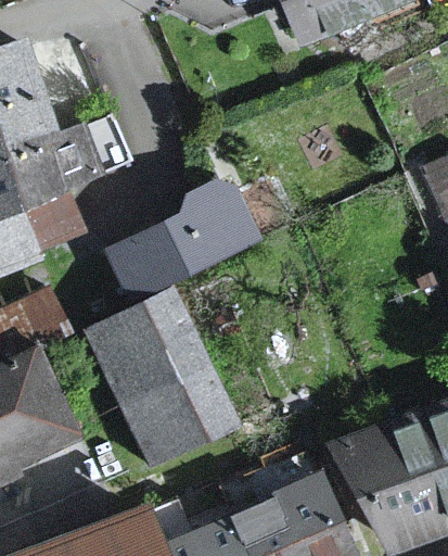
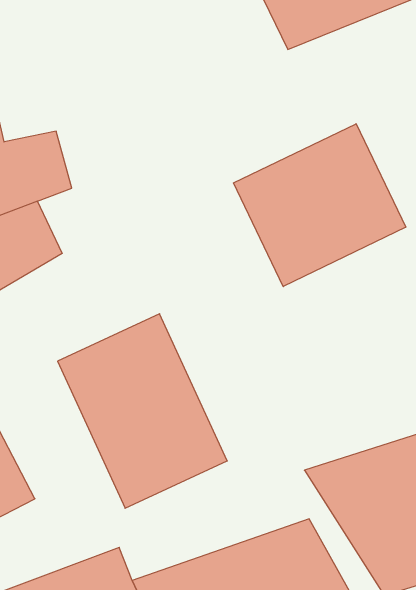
building: none -> [234,124,406,287]
building: [100,180,267,307] -> none

